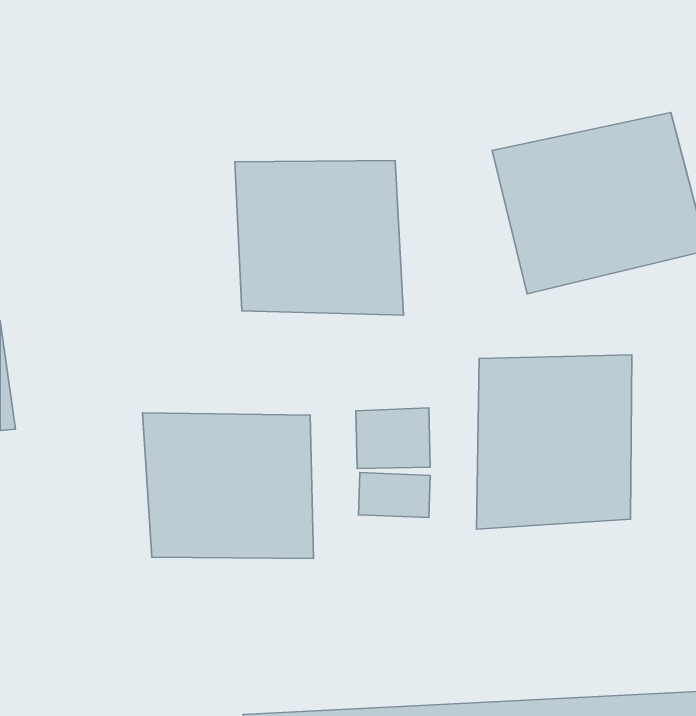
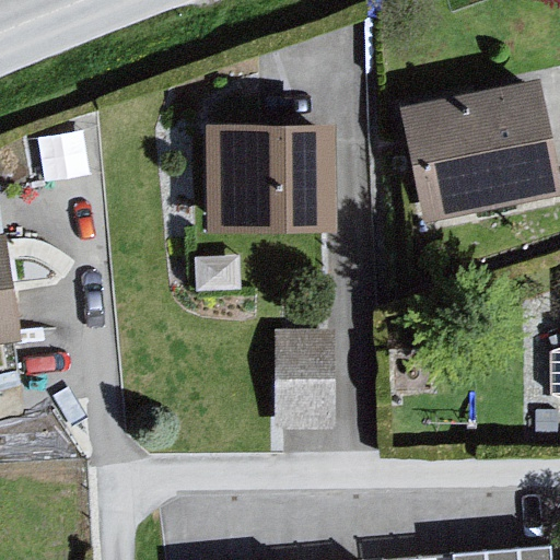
building: [477,355,632,529] -> none
building: [142,413,314,558] -> none

